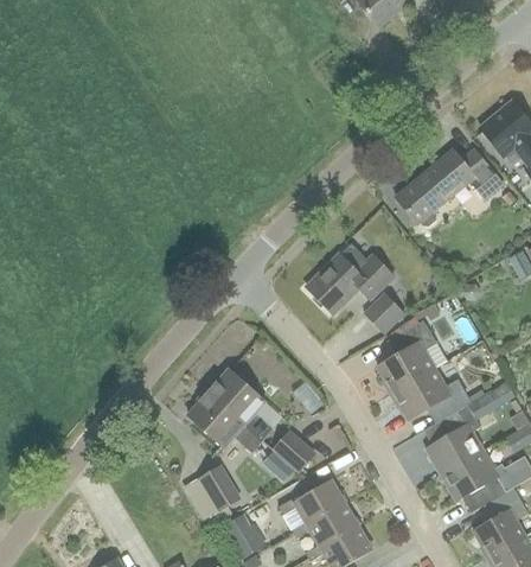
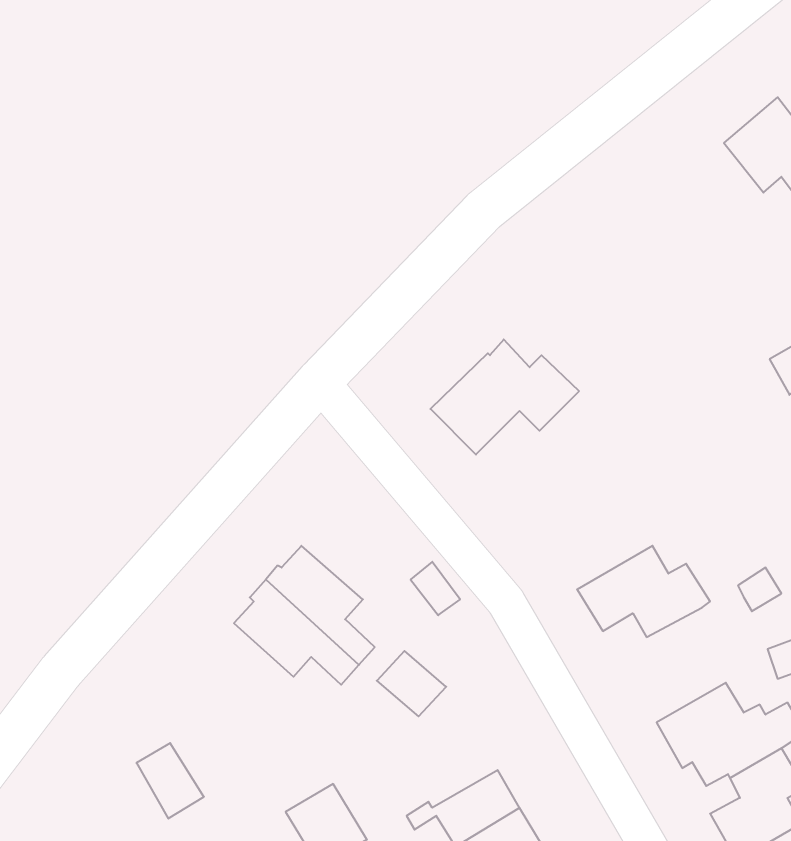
building: [395,148,504,225] -> none
building: [362,291,405,333] -> none
building: [377,319,437,394] -> none
building: [422,404,481,473] -> none
building: [199,465,239,510] -> [136,743,204,819]
building: [277,478,345,524] -> none

